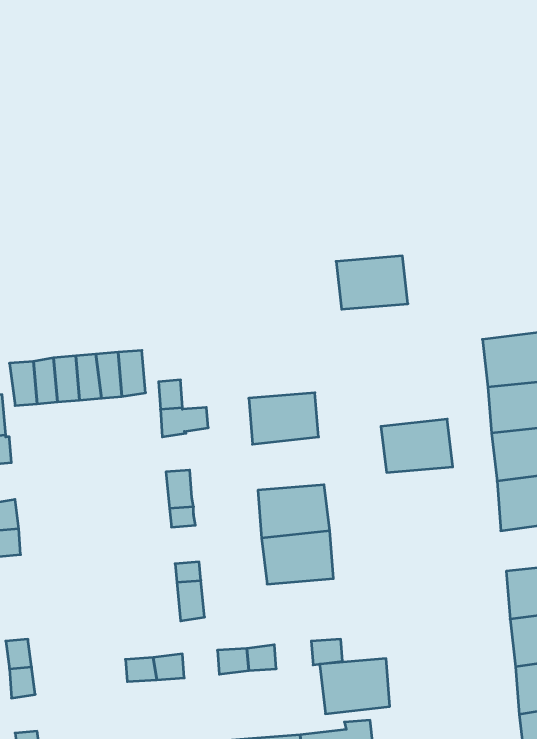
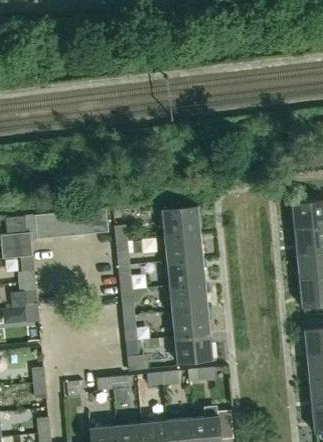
building: [336,256,408,309] -> [161,207,200,236]
building: [381,419,453,472] -> [166,257,205,286]
building: [320,659,390,714] -> [174,334,212,364]

